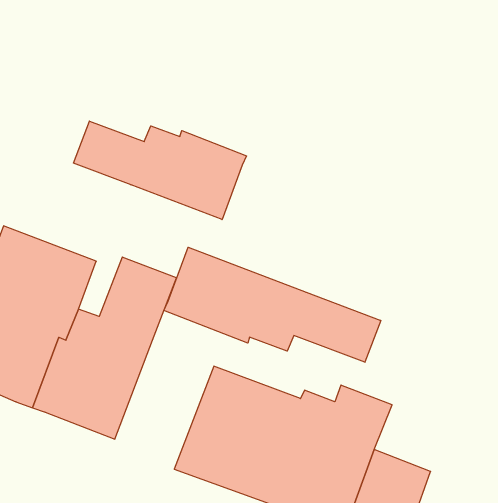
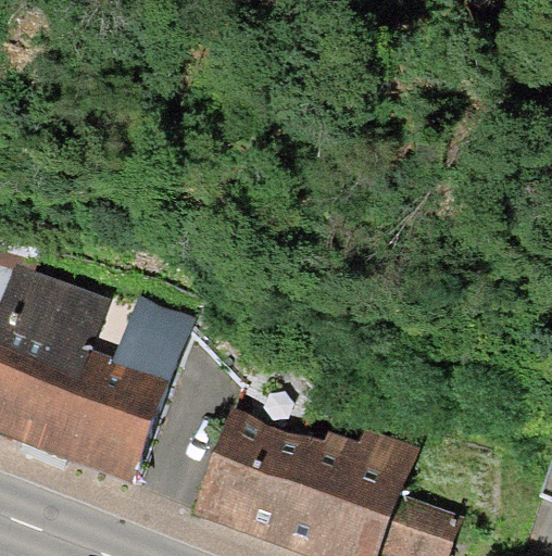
building: [74,121,246,220] -> none
building: [164,247,381,362] -> none

